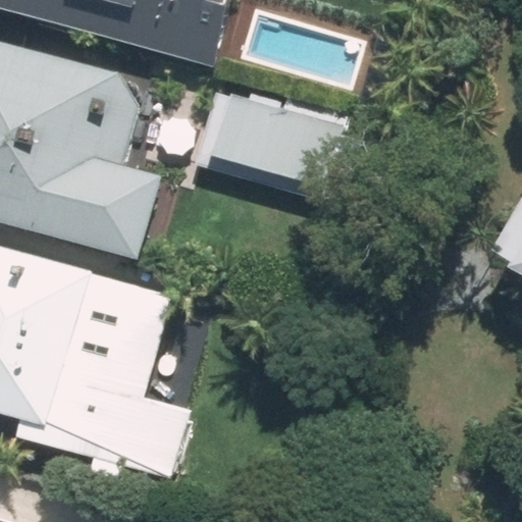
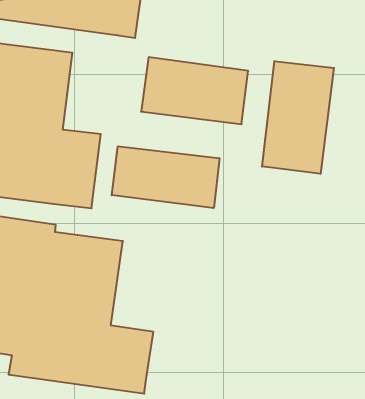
building: none -> [262,61,334,174]
building: none -> [112,146,219,208]

